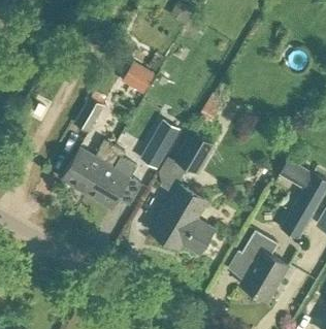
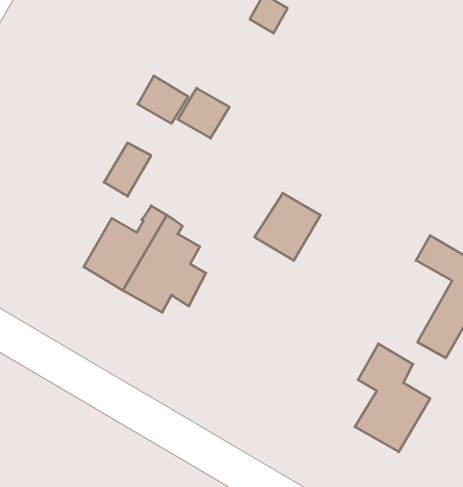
building: none -> [138,76,188,123]
building: [139,133,173,171] -> none
building: [150,180,217,254] -> none

